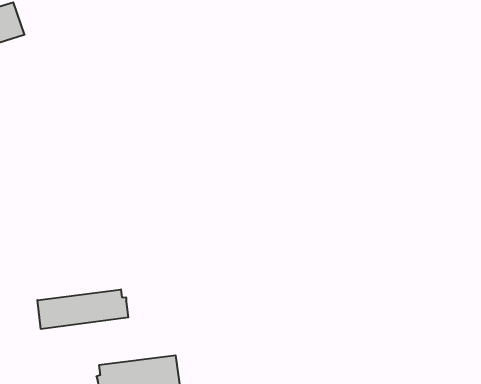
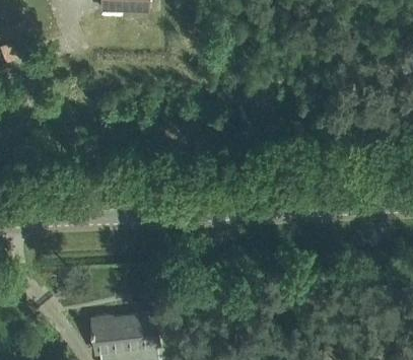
building: [37,289,128,329] -> none

